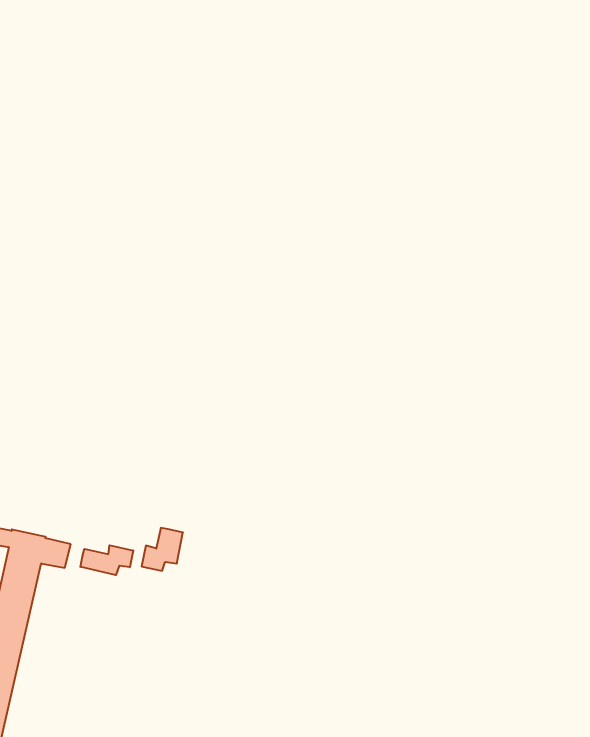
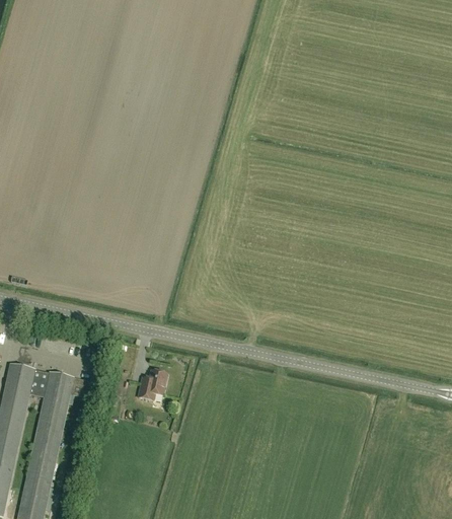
building: [80,545,133,575] -> none

